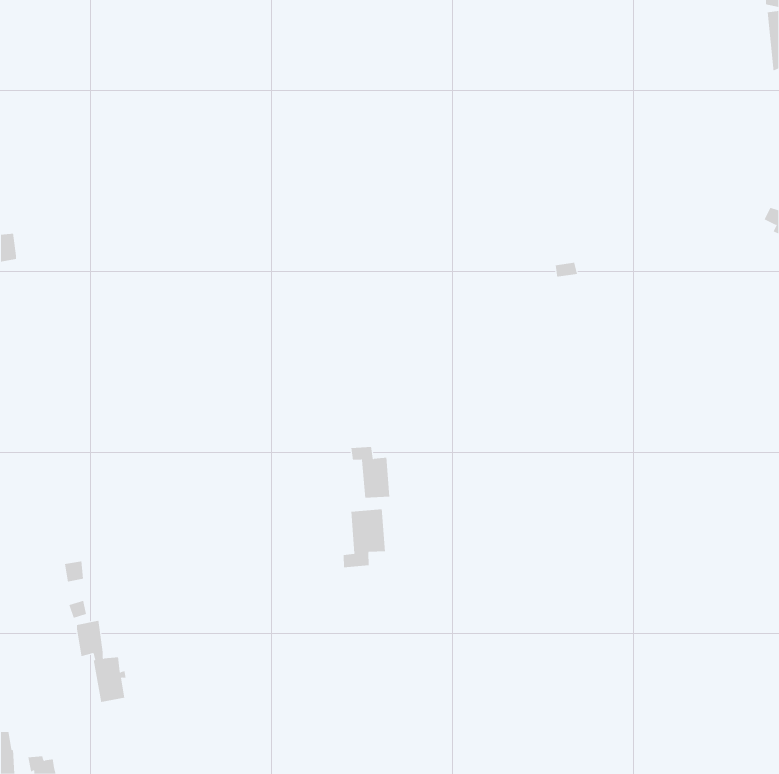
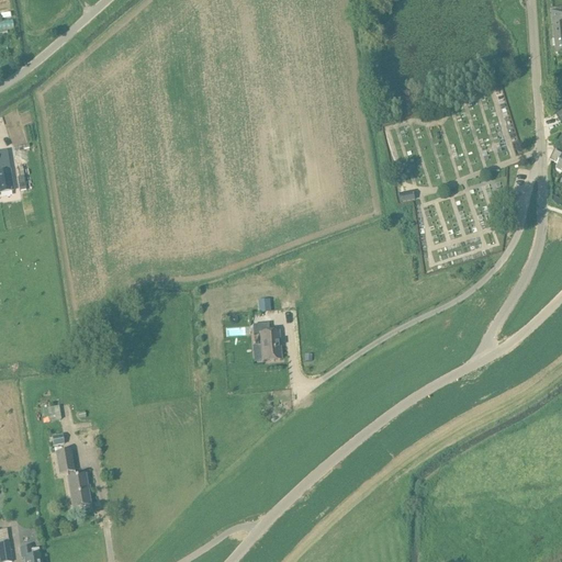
building: [343,508,386,568] -> none

